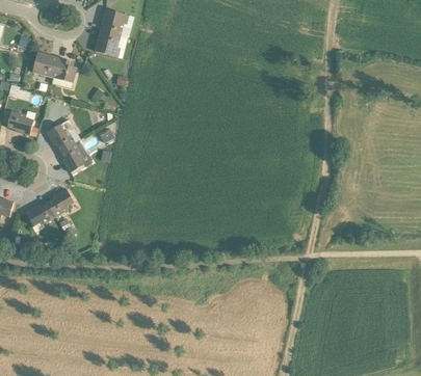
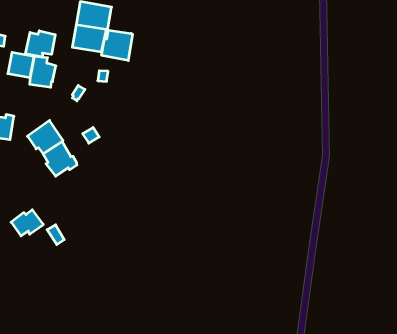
building: none -> [25,31,55,57]
building: none -> [102,30,132,61]
building: [45,188,72,216] -> none

